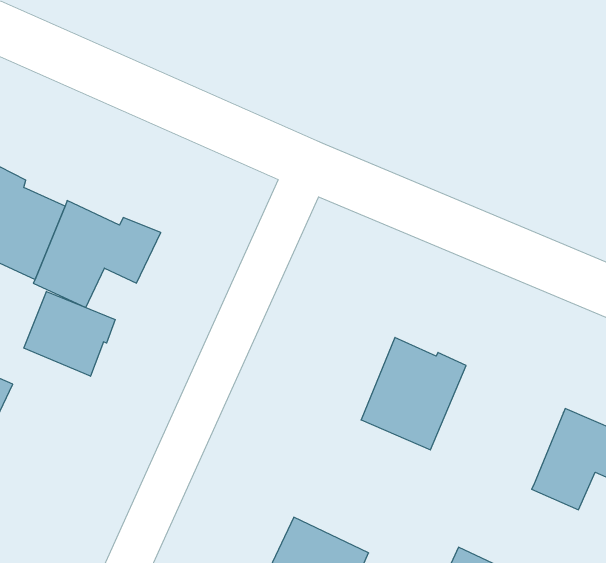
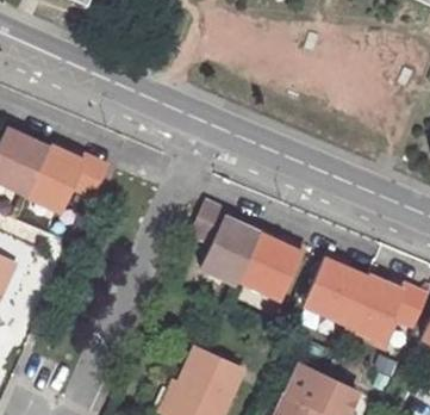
building: none -> [191,199,260,289]
building: [24,291,115,376] -> none
building: none -> [304,254,367,326]

